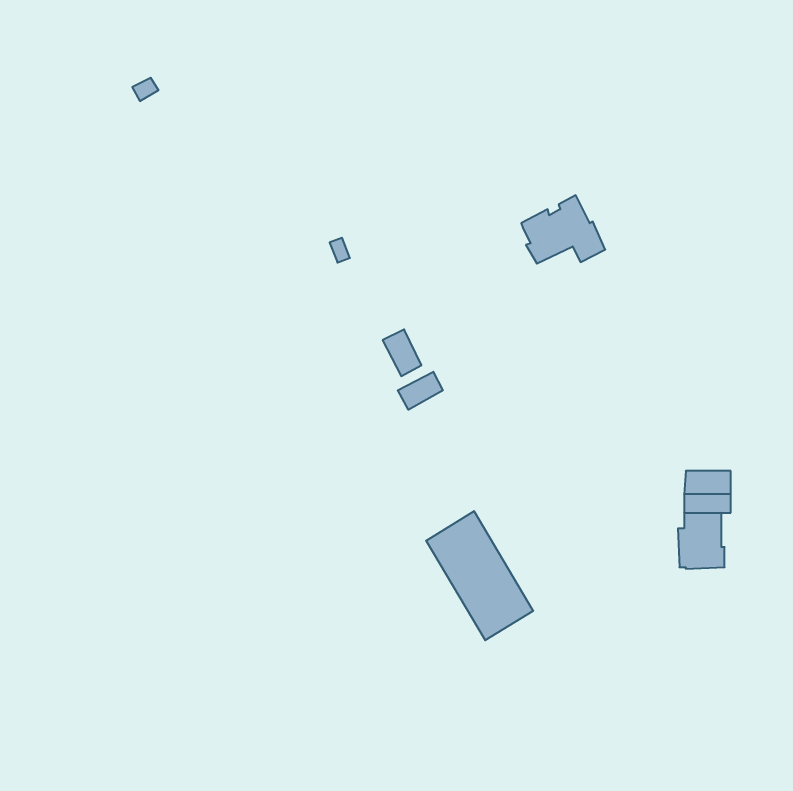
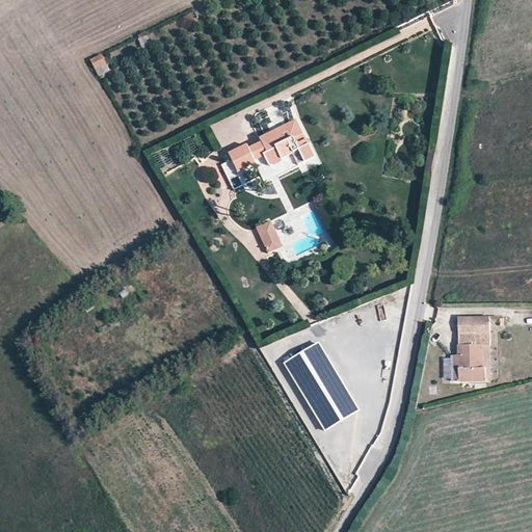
building: [521,195,605,264] -> [258,119,314,165]
building: none -> [229,143,254,170]
building: [398,372,443,410] -> none

